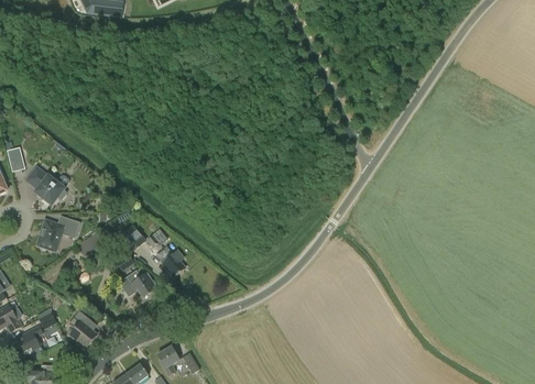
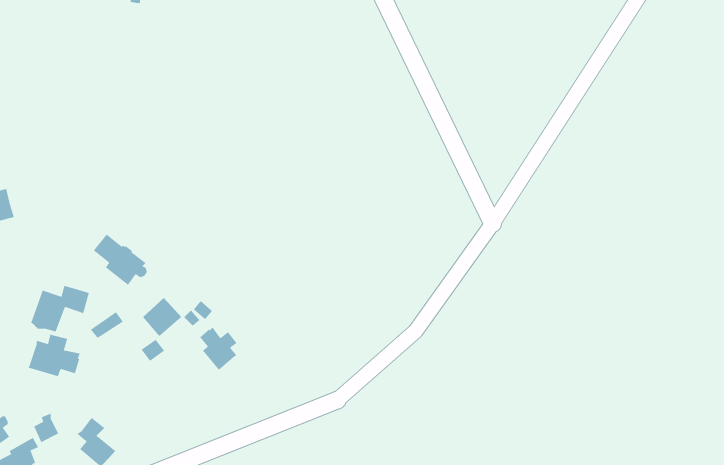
building: [26,166,66,204] -> [93,234,148,286]
building: none -> [28,334,81,377]
building: [123,270,157,297] -> none

